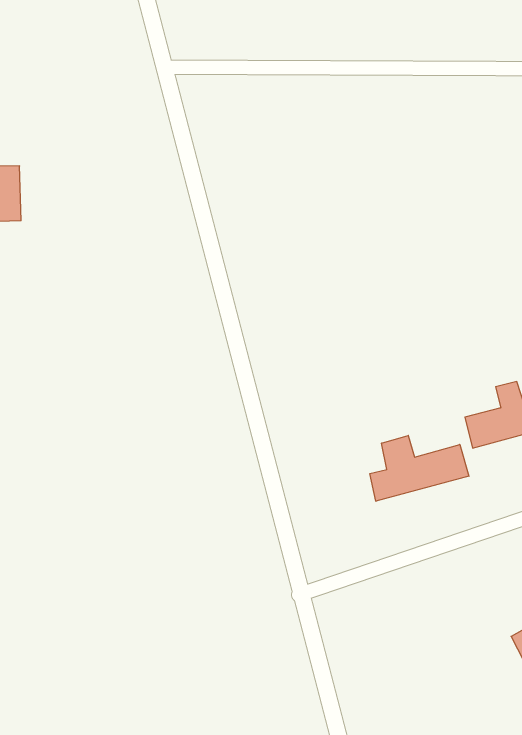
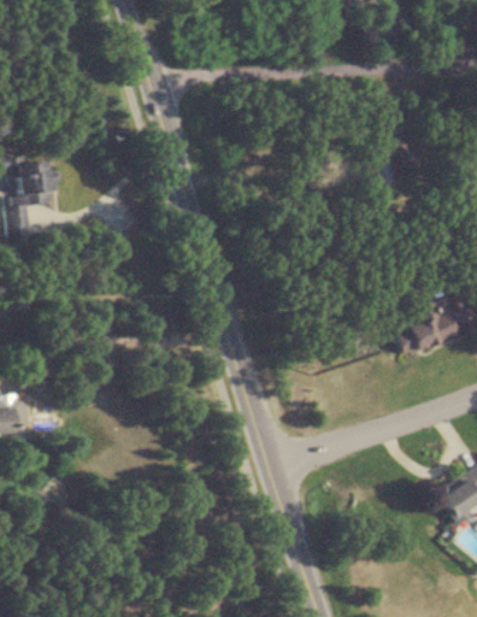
building: [370,435,469,501] -> none

